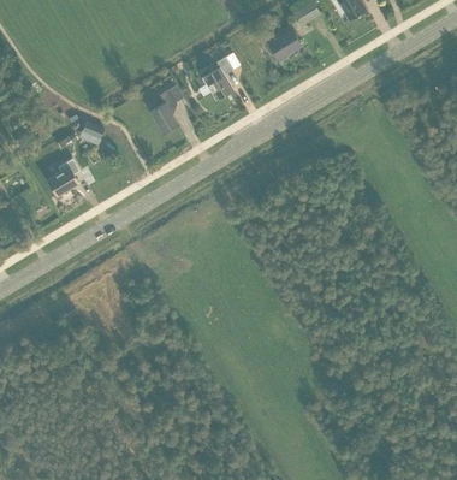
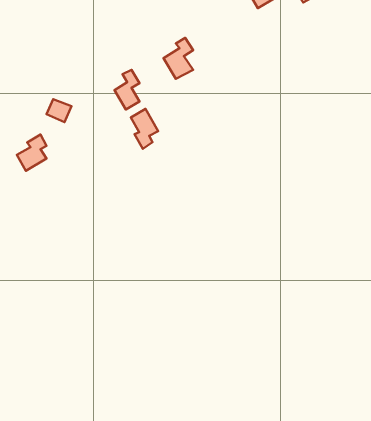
building: [263,29,302,60] -> none
building: none -> [131,109,158,149]

